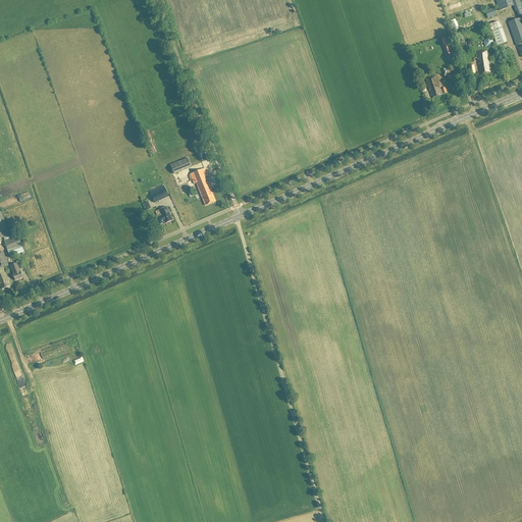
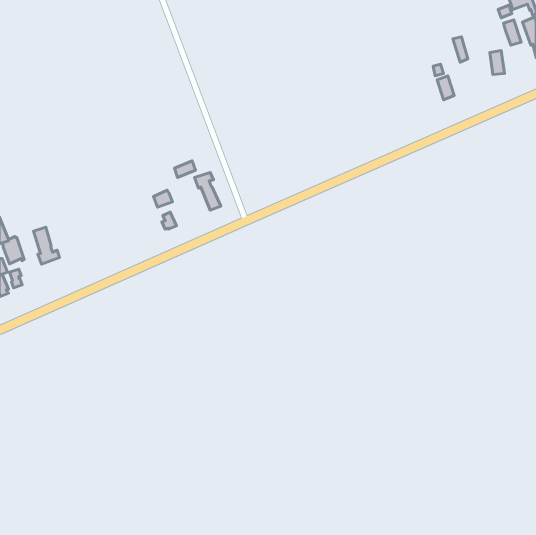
building: none -> [33,227,59,264]

